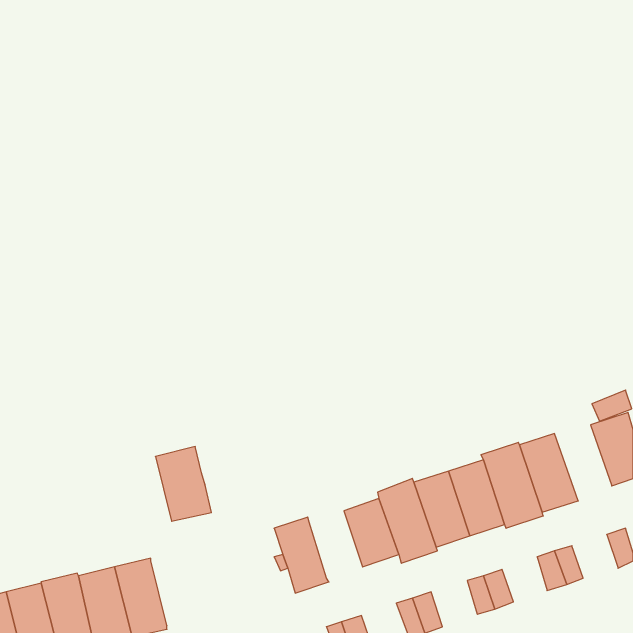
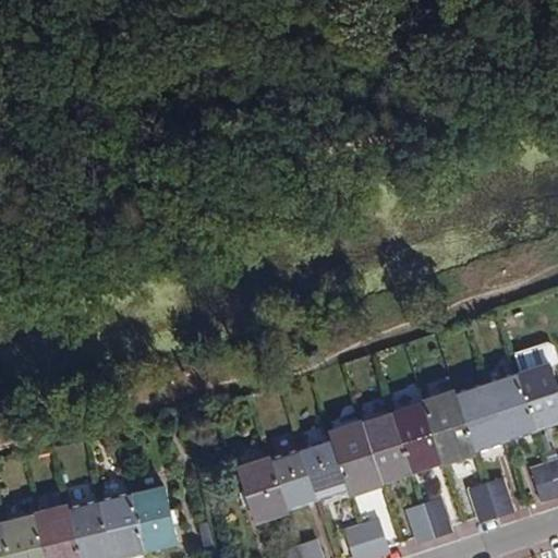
building: none -> [485,372,536,441]
building: [155,447,211,521] -> [132,485,181,550]
building: none -> [270,450,317,509]

